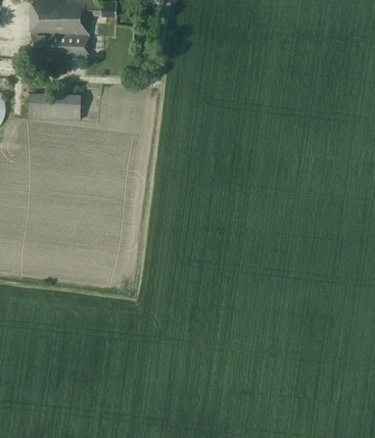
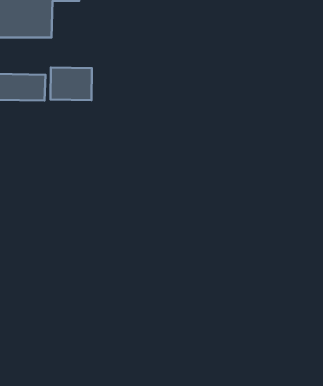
building: none -> [51,67,92,100]

